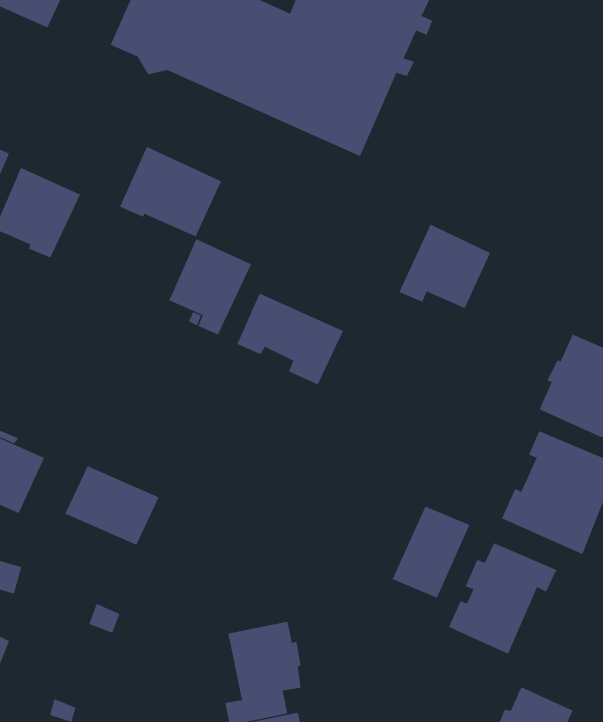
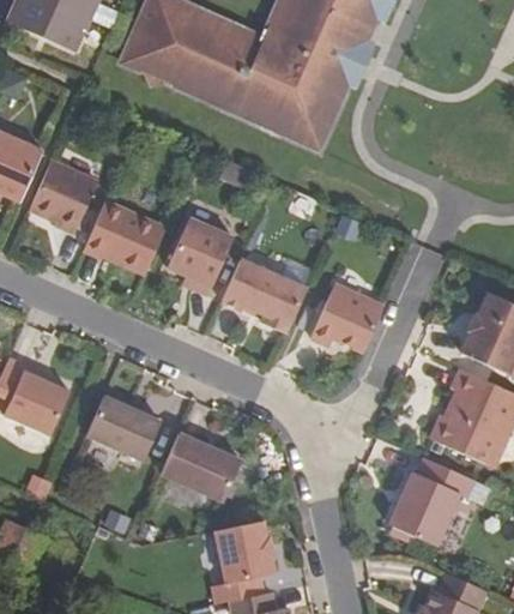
building: [119,146,222,237] -> [84,199,165,271]
building: [399,224,491,309] -> [310,283,383,350]
building: [392,506,470,598] -> none
building: none -> [159,433,241,502]

